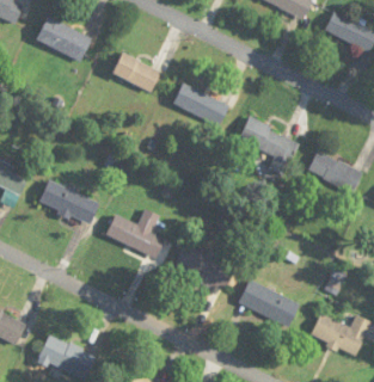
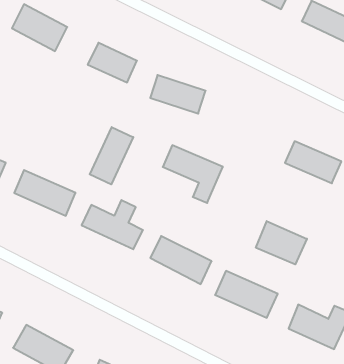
building: [239,118,299,175] -> [163,145,223,203]
building: none -> [90,127,133,184]
building: none -> [256,221,307,264]

